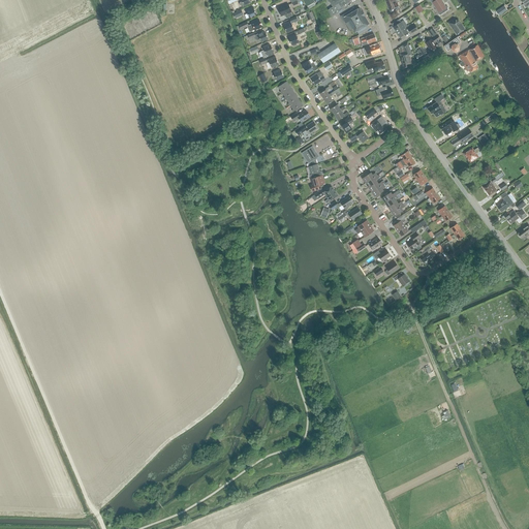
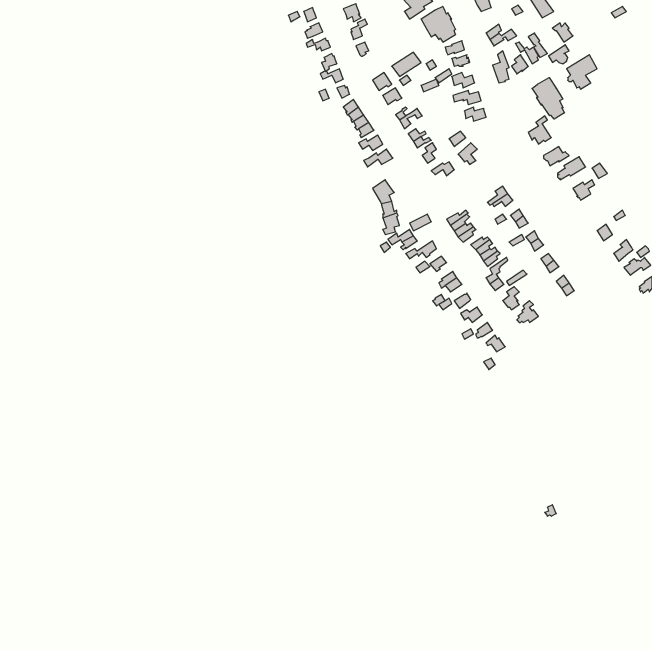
building: none -> [532,78,564,119]

